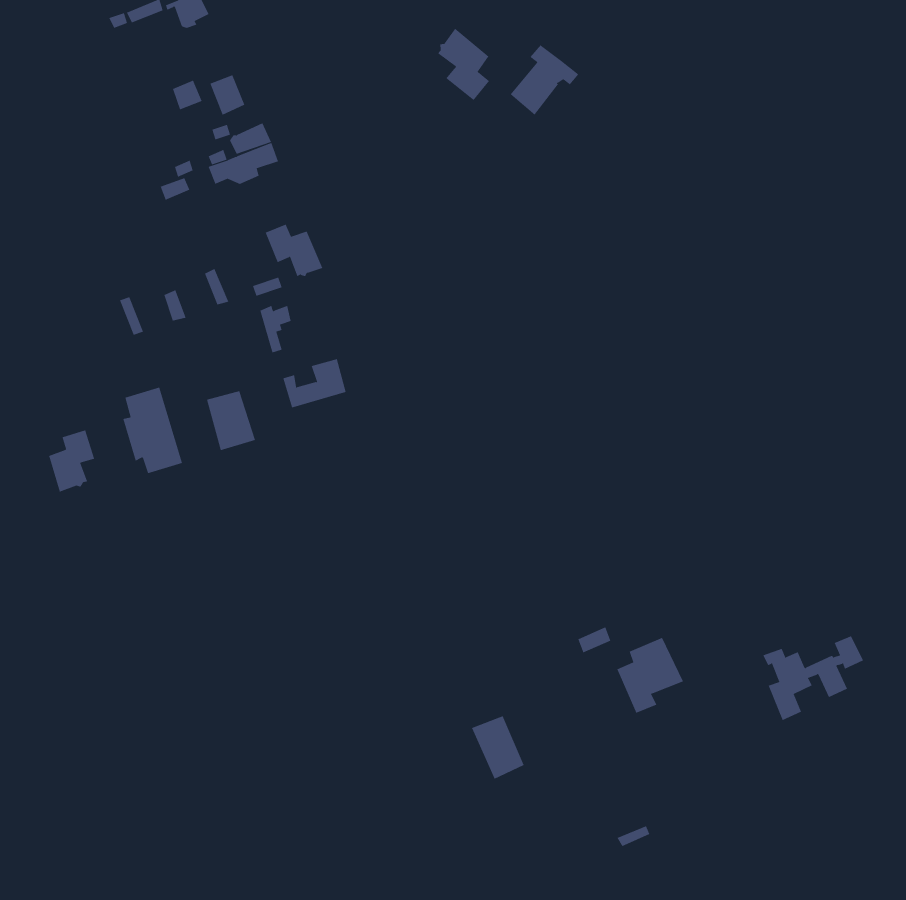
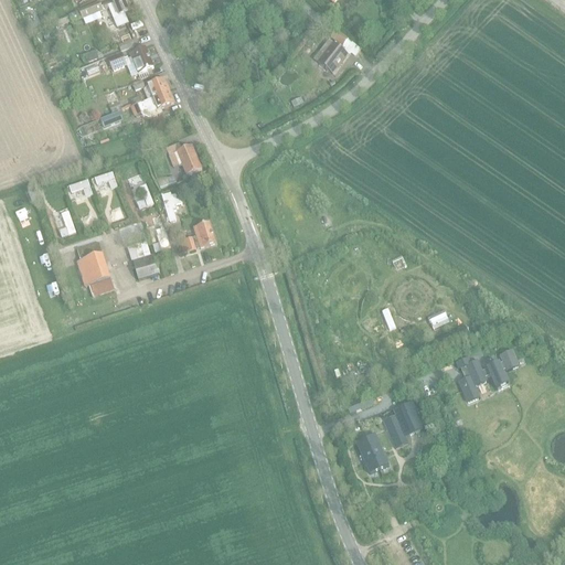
building: [437,28,490,101] -> none
building: [49,429,95,493] -> none
building: [763,636,864,721] -> [455,348,518,401]
building: [471,715,524,779] -> [354,431,387,471]

